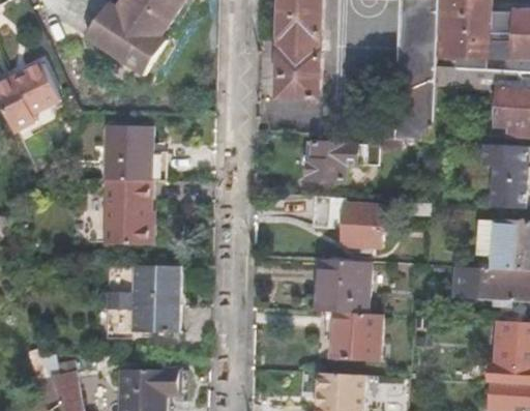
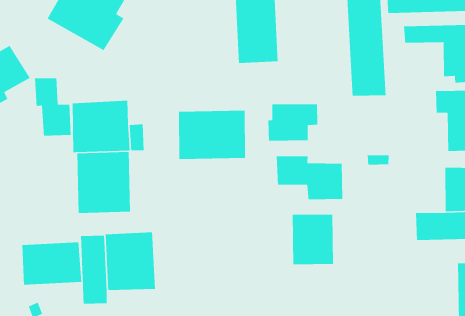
building: none -> [34,77,71,137]
building: none -> [178,110,246,160]
building: none -> [22,241,82,286]
building: [322,313,379,361] -> none

